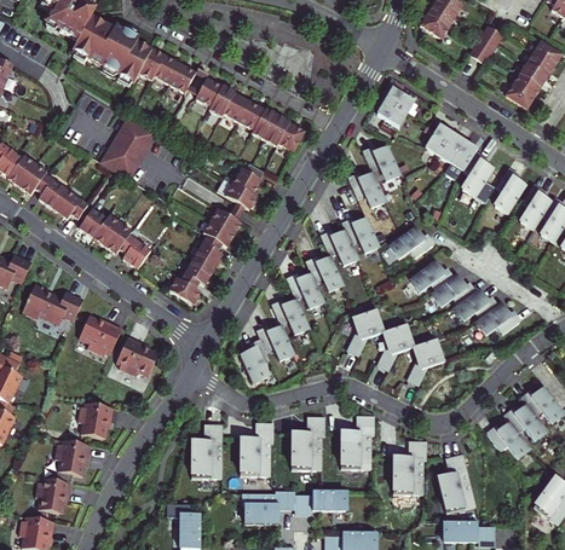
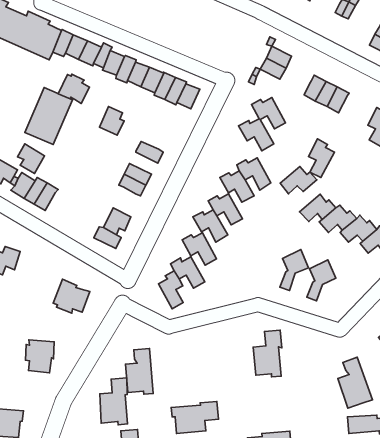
building: none -> [58,74,90,103]
building: [462,151,492,196] -> [308,139,334,177]
building: [232,161,261,195] -> [100,107,124,135]
building: [119,235,150,270] -> [17,144,45,173]
building: [194,235,223,270] -> none
building: [347,309,382,355] -> none
building: [79,314,121,354] -> none
building: [292,416,324,469] -> none
building: [240,422,273,475] -> [100,378,128,425]
building: [54,439,90,475] -> none
building: [393,440,426,493] -> none
building: [294,491,345,513] -> none

